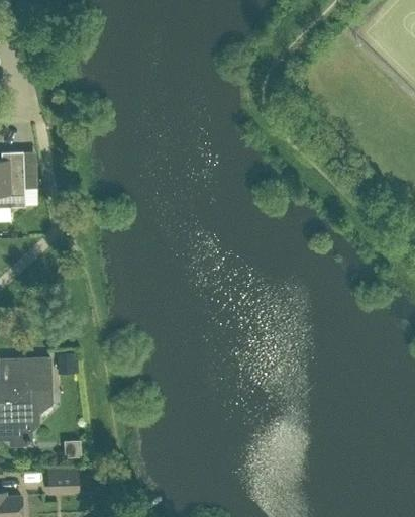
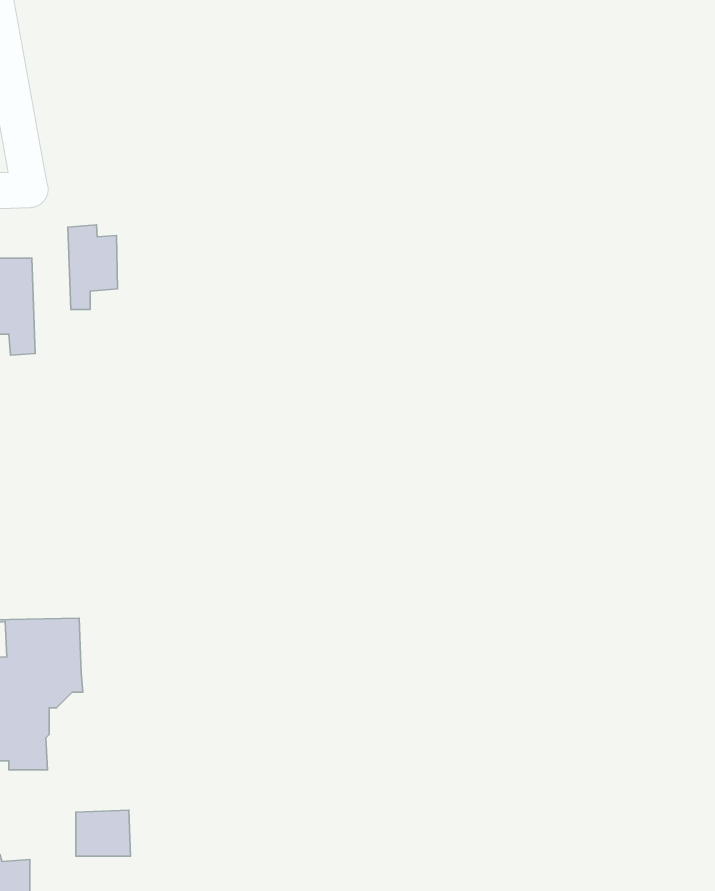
building: none -> [68,225,117,309]

